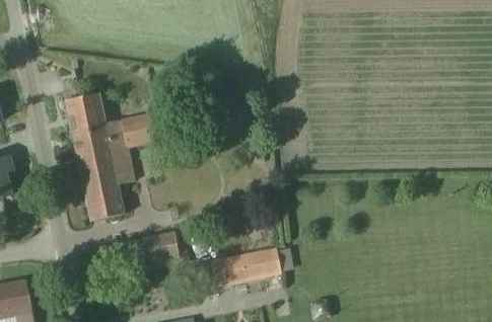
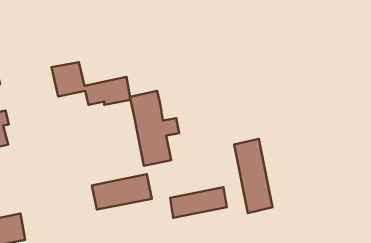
building: [73,128,134,220] -> [130,91,179,166]
building: none -> [234,139,273,213]

